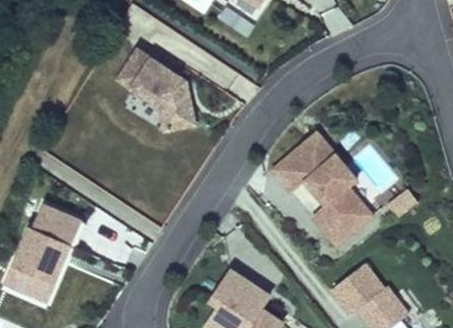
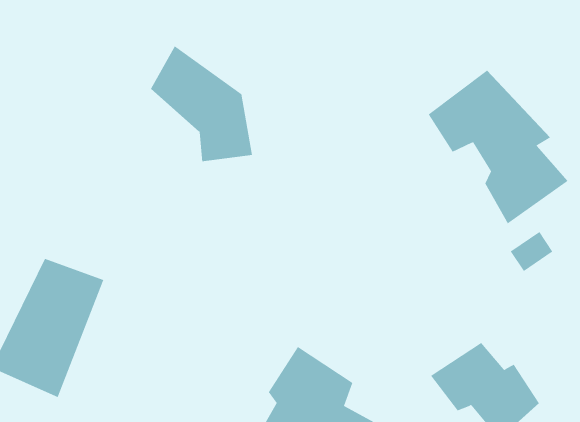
building: [272,132,376,247] -> [428,70,568,224]

